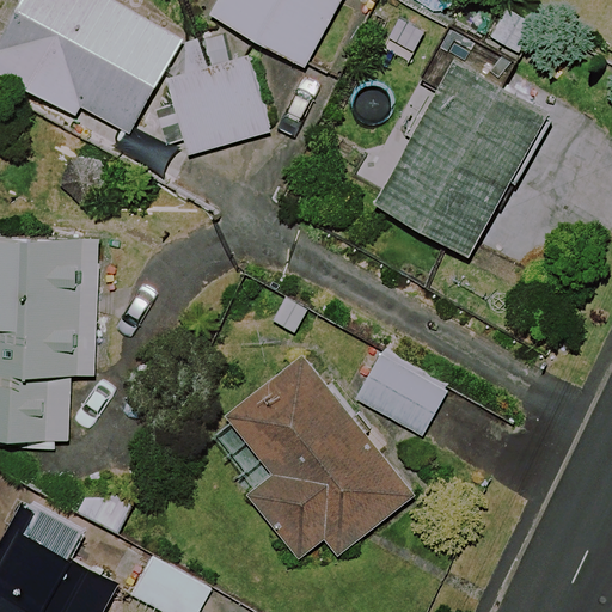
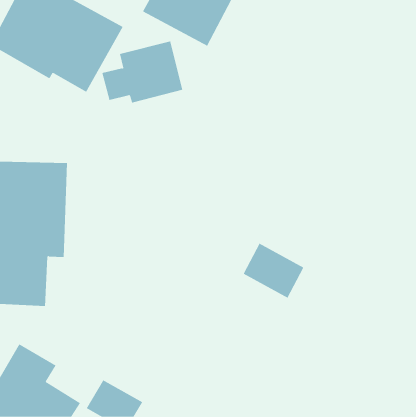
building: [378,63,547,255] -> none
building: [227,355,414,558] -> none

